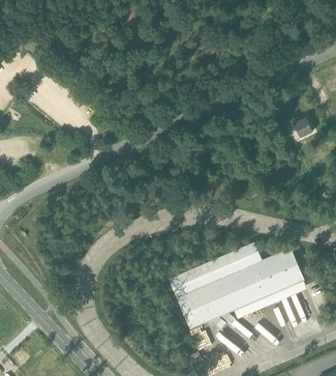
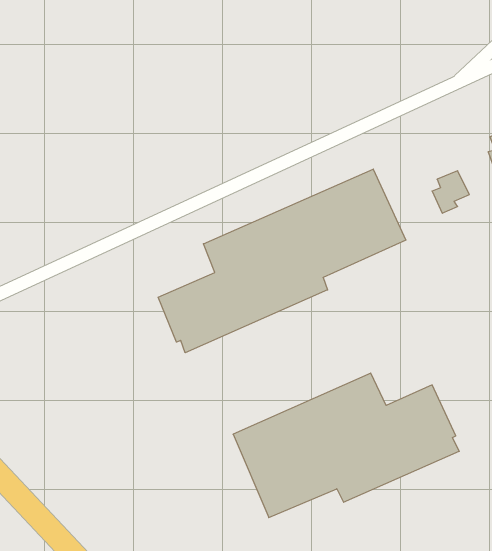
building: none -> [158,169,406,353]

